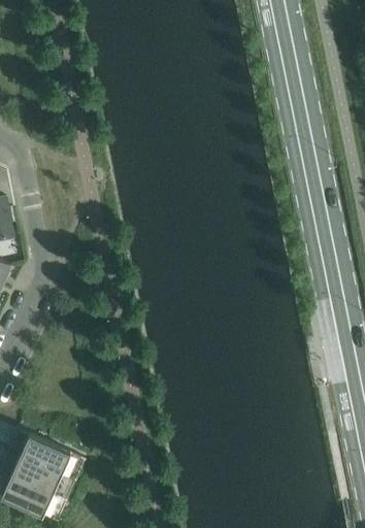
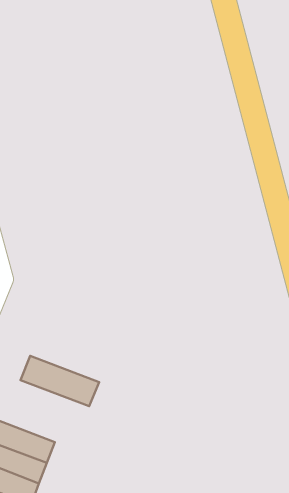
building: none -> [20,356,99,406]

